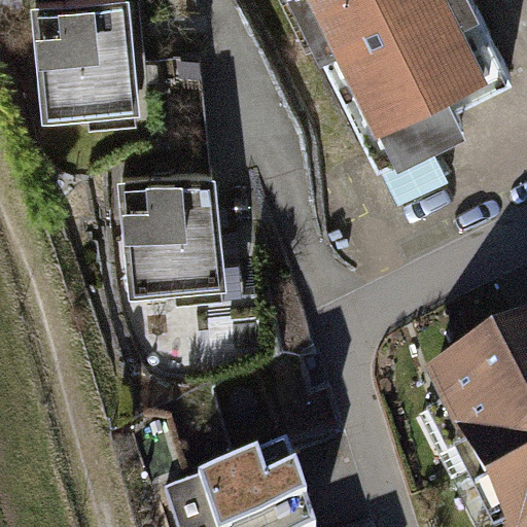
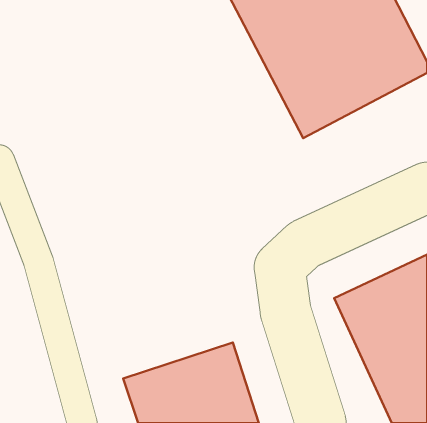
building: [41,9,155,128] -> none
building: [128,181,242,300] -> none

